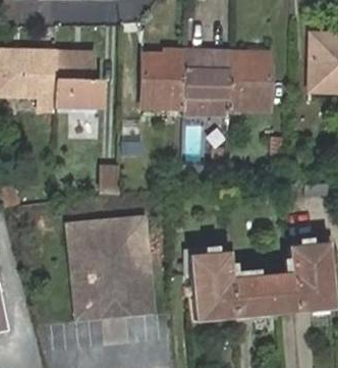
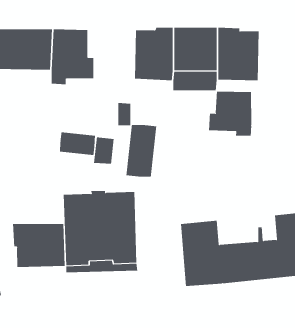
building: none -> [209,91,252,137]
building: none -> [126,124,157,178]
building: none -> [60,131,95,156]
building: none -> [13,223,65,268]

